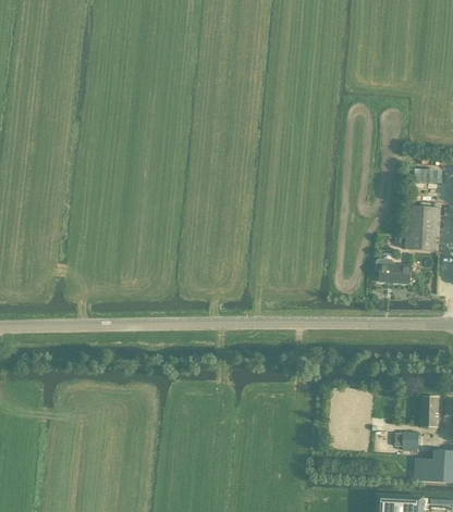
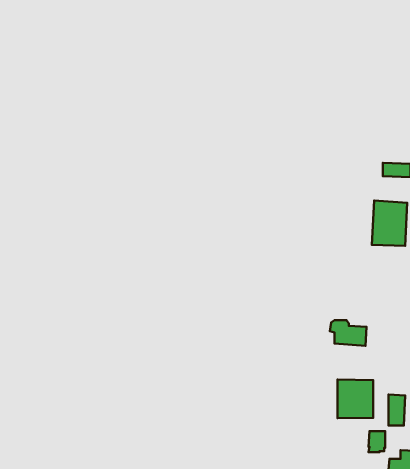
building: [374,259,409,284] -> [330,320,367,346]
building: none -> [338,380,373,418]

